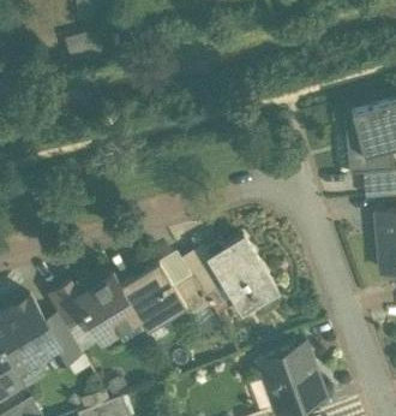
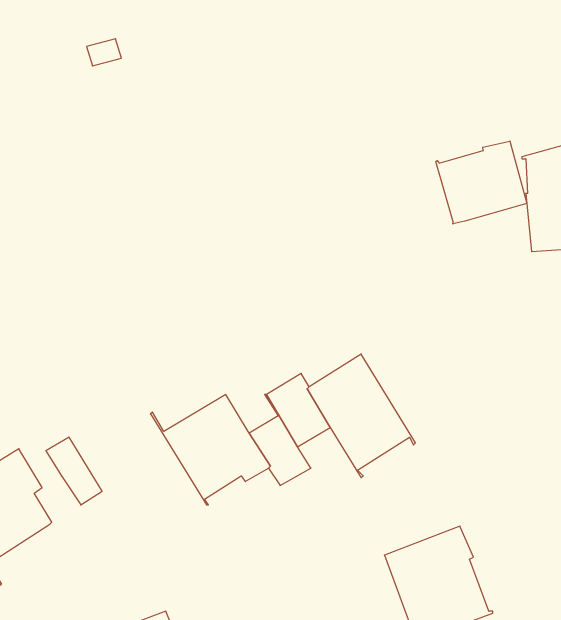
building: none -> [436,141,527,224]
building: [76,275,148,341] -> none
building: [41,314,83,364] -> none

